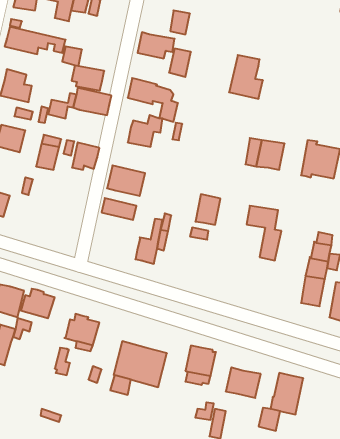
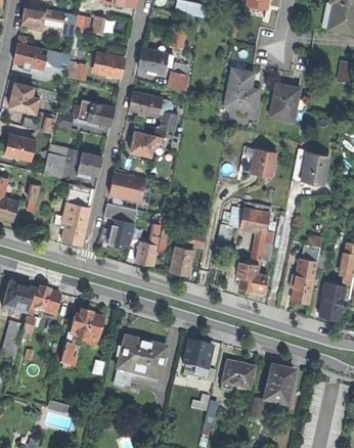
building: [72,65,104,91] -> [94,52,125,76]
building: none -> [269,85,300,121]
building: none -> [61,183,91,243]
building: [195,194,220,225] -> [170,245,193,274]
building: none -> [107,218,134,248]
building: none -> [237,262,268,294]

